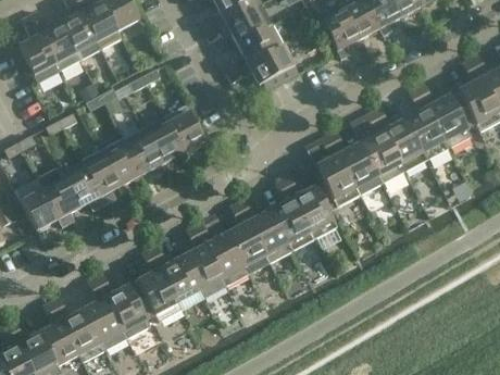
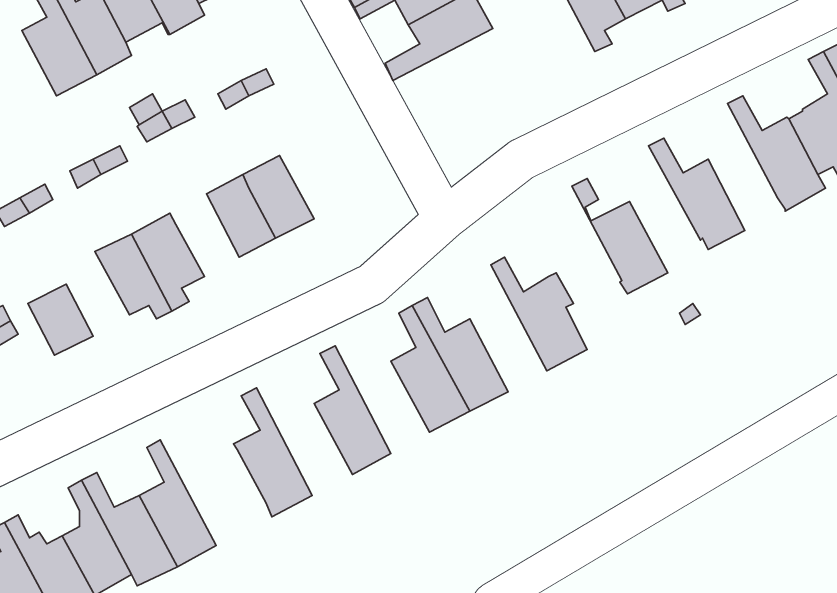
building: [228,46,296,86] -> none
building: [407,88,450,160] -> none
building: [164,105,204,153] -> none
building: [362,112,407,184] -> none
building: [317,135,361,208] -> none
building: [102,139,141,186] -> none
building: [39,172,79,227] -> none
building: [272,179,315,251] -> none
building: [196,221,249,286] -> none
building: [151,245,205,310] -> none
building: [97,274,157,338] -> none

